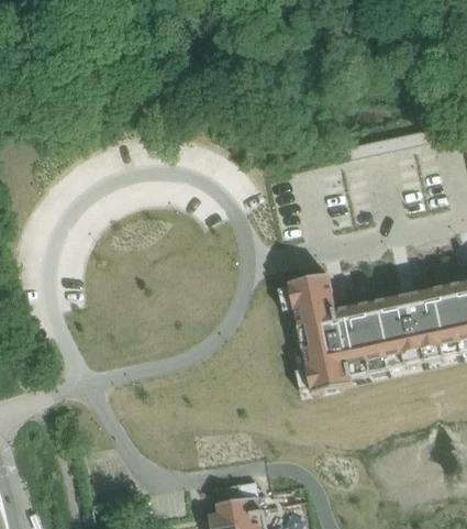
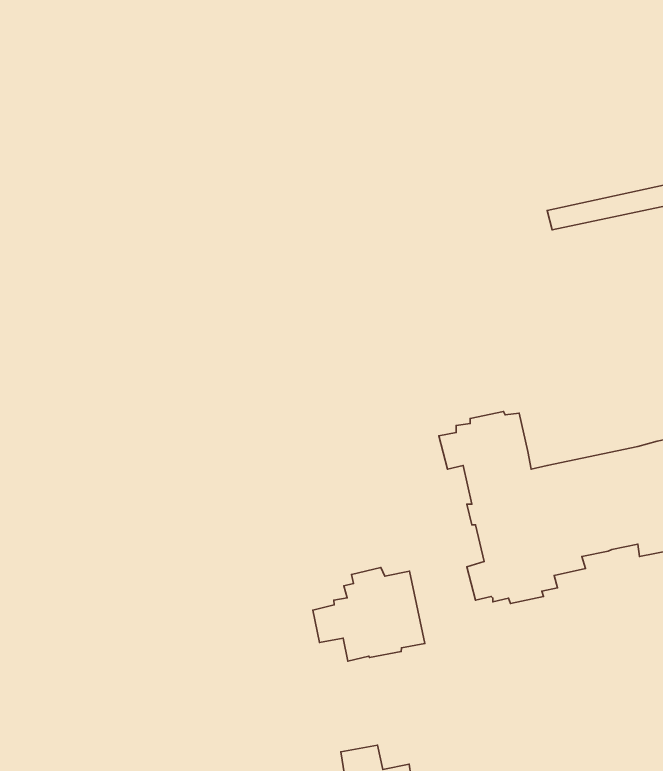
building: none -> [313,568,425,661]

